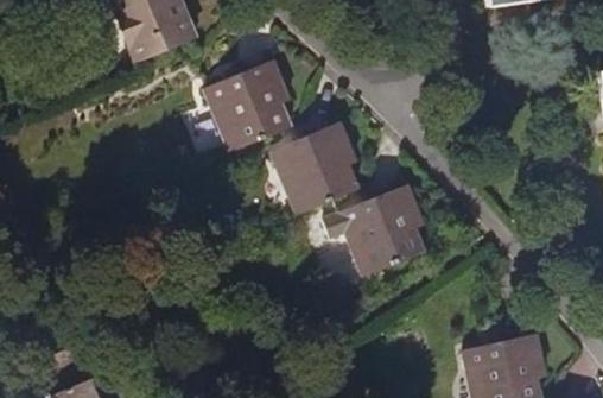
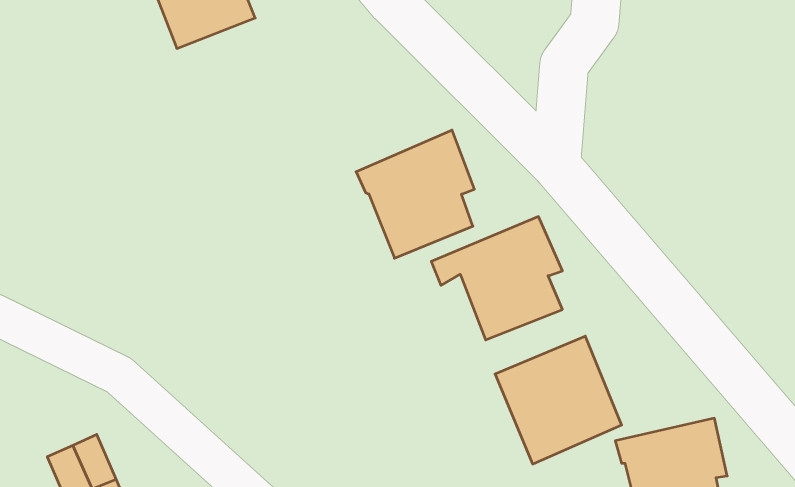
building: [204,61,292,152] -> none
building: none -> [495,336,622,464]

